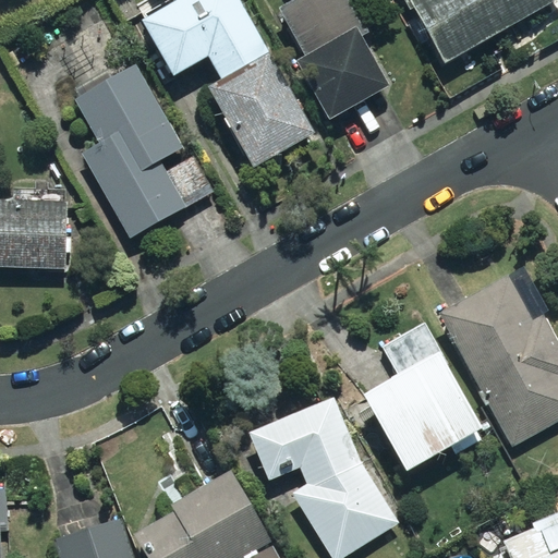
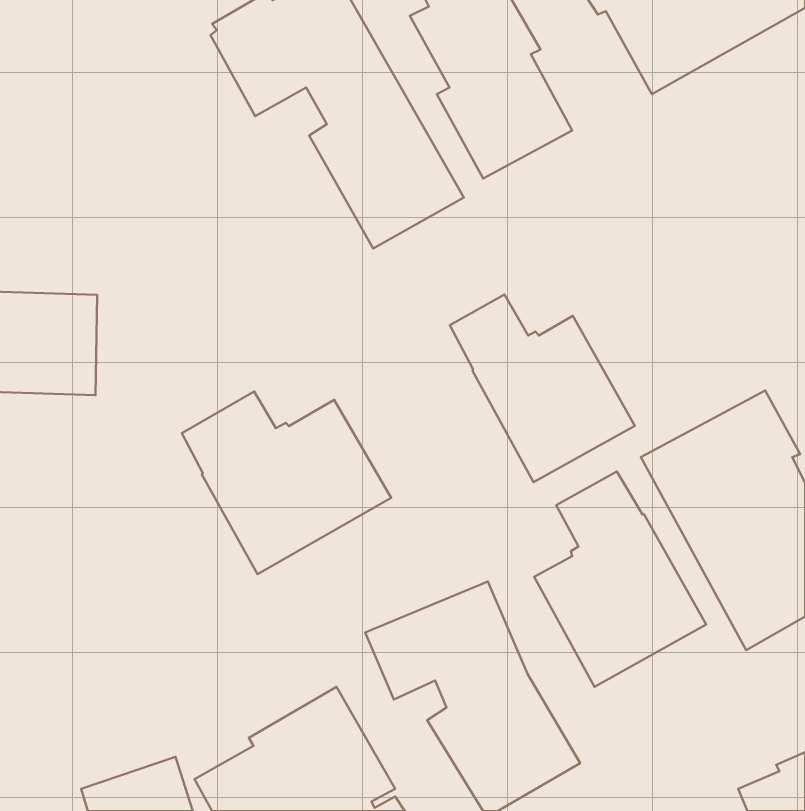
building: [74,69,213,240] -> none
building: none -> [450,294,635,482]
building: none -> [182,392,391,574]

